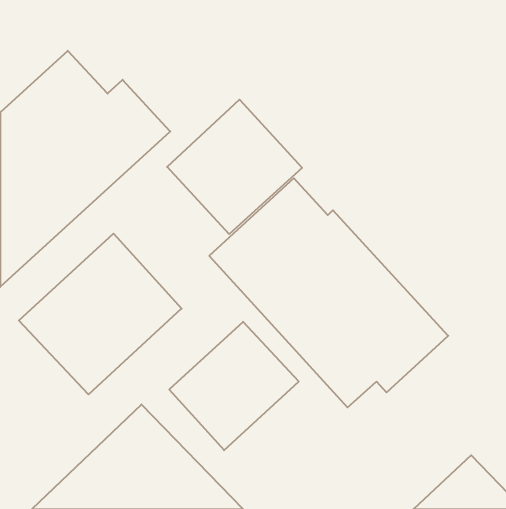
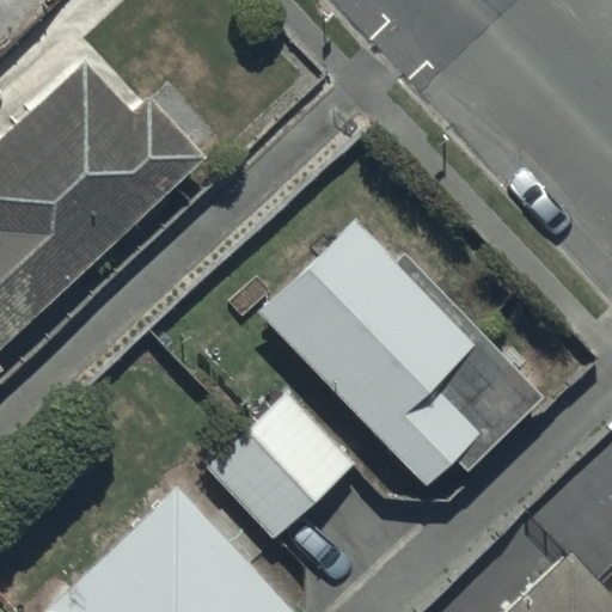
building: [167,100,302,234] -> none
building: [19,234,182,394] -> none

